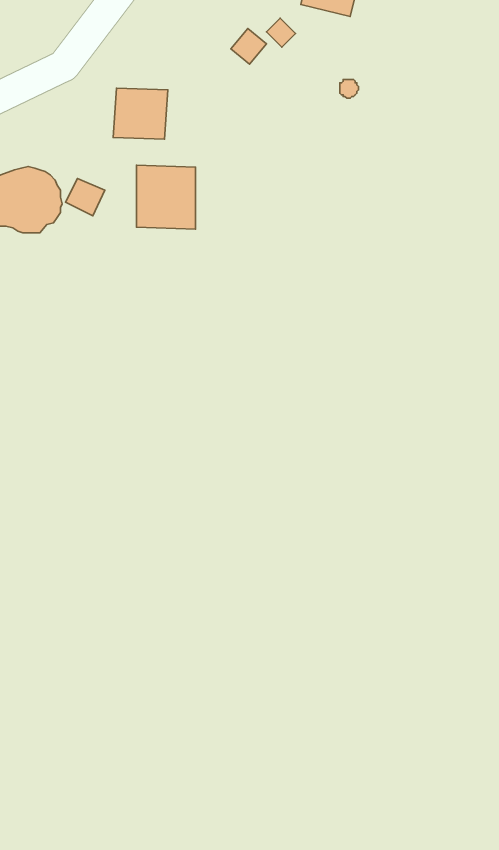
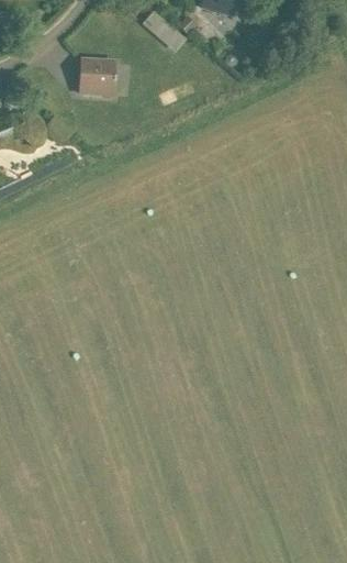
building: [136,165,196,229] -> none

